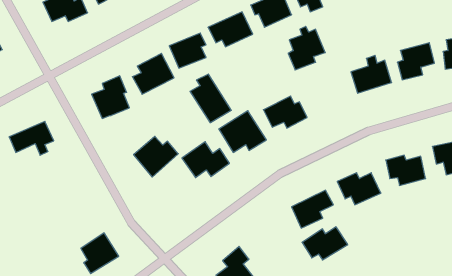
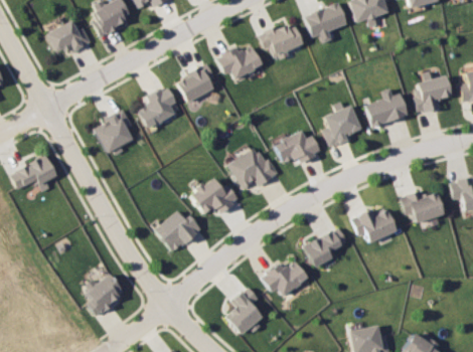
building: [288,26,325,70] -> [322,103,360,148]
building: [190,74,231,123] -> none
building: [134,136,178,177] -> [154,211,200,253]
building: [302,227,348,260] -> [261,261,308,296]

